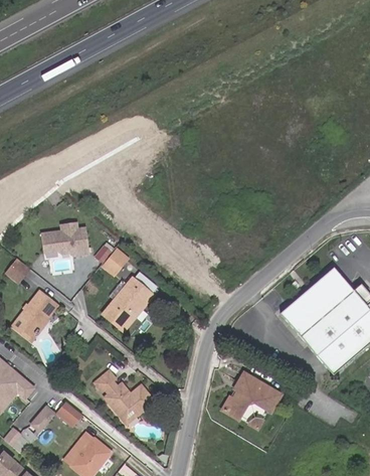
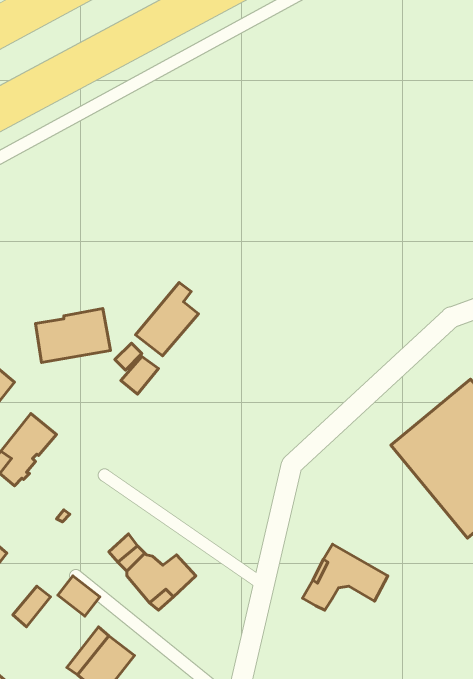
building: [105,275,147,324] -> [136,282,199,356]

